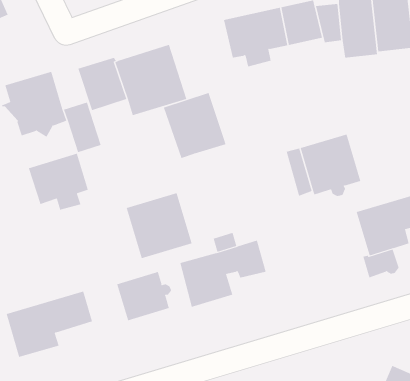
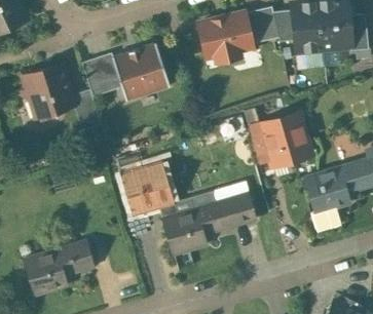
building: [163,92,226,159] -> none
building: [28,153,88,210] -> none
building: none -> [226,194,256,226]
building: [117,271,172,321] -> none

